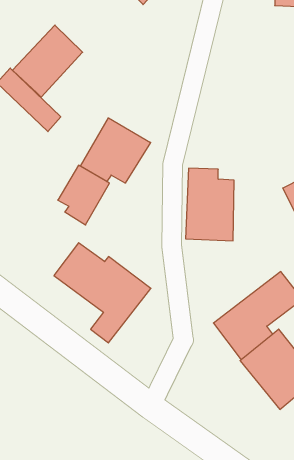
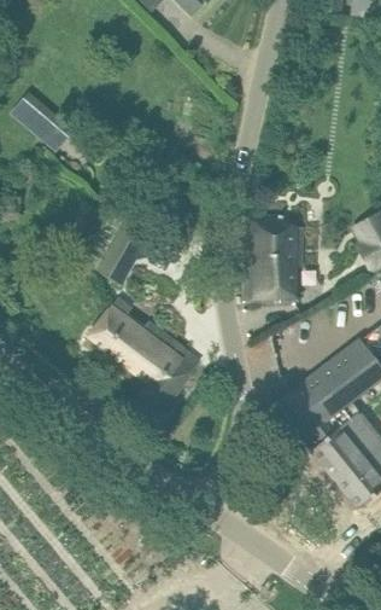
building: [13,25,83,97] -> none
building: [81,118,151,183] -> none

